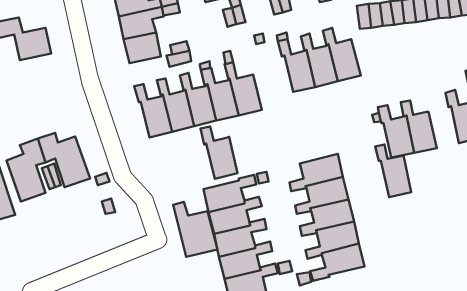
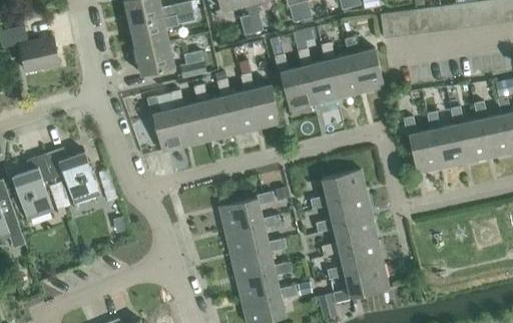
building: [200,126,238,179] -> [275,55,314,110]
building: [375,145,411,197] -> [450,108,488,164]
building: [173,202,217,257] -> none

